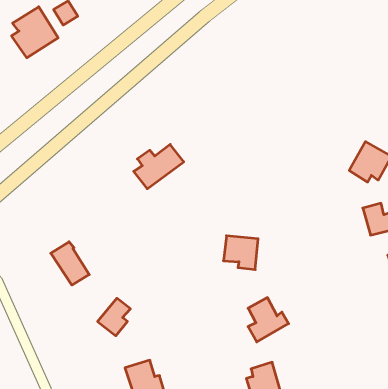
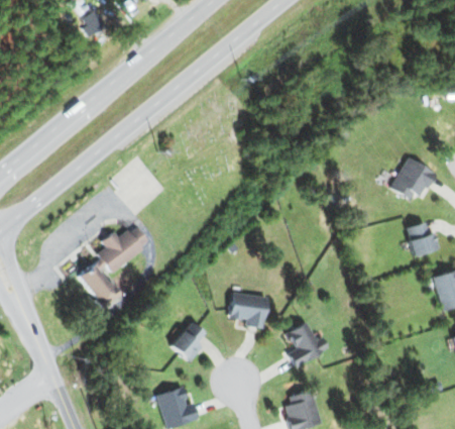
building: [12,7,58,58] -> none
building: [134,144,184,189] -> [98,225,150,272]
building: [223,236,258,270] -> [230,293,266,328]
building: [98,298,130,336] -> [170,322,205,361]

